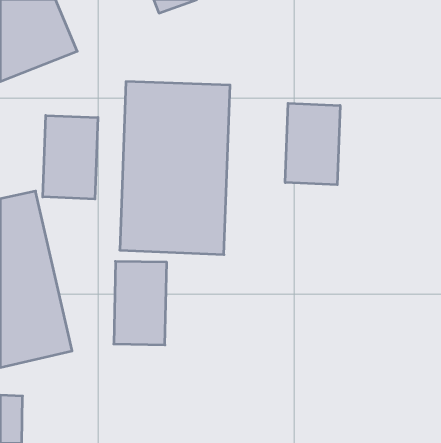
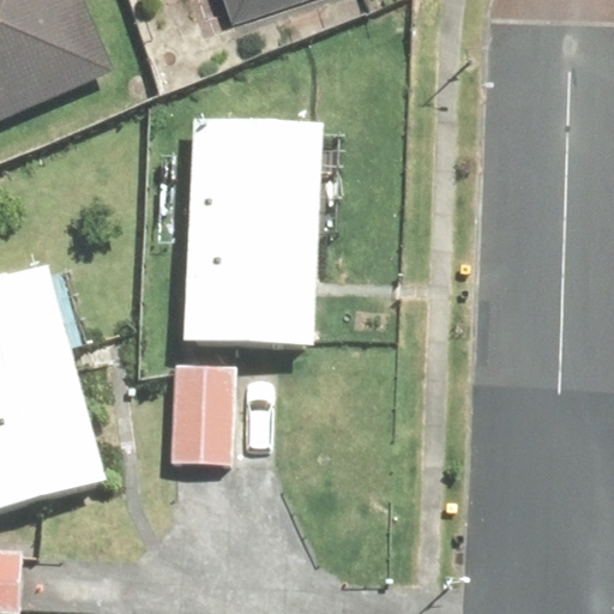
building: [285,103,340,185] -> none
building: [43,115,98,199] -> none

